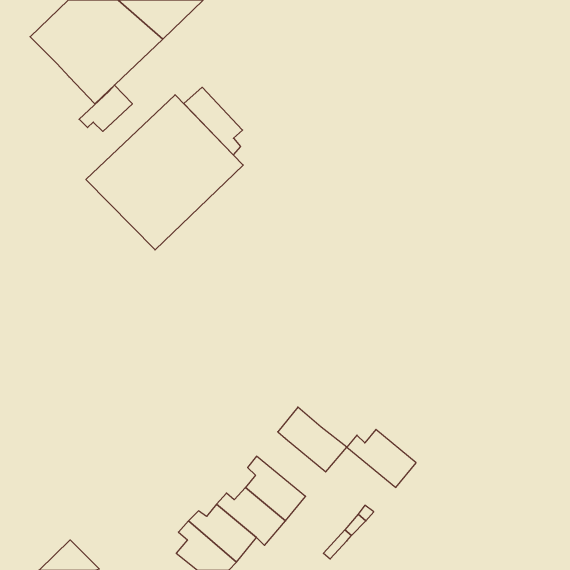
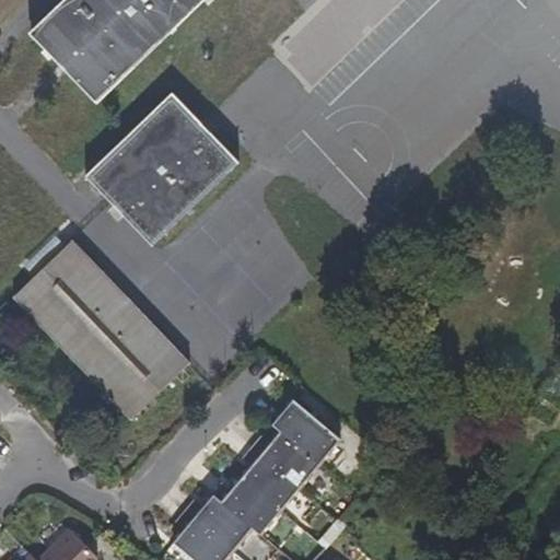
building: [79,85,132,131] -> none
building: [184,87,243,155] -> none
building: none -> [13,241,189,419]
building: [347,429,416,487] -> [252,430,319,487]

